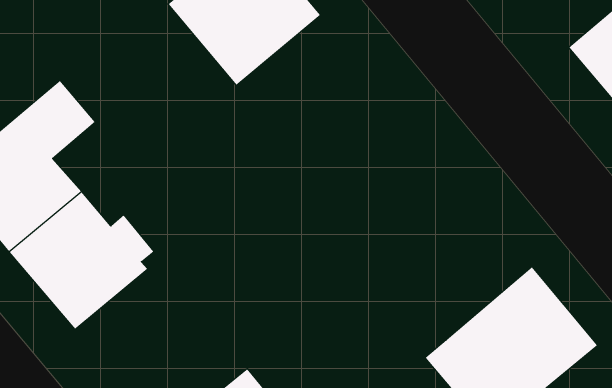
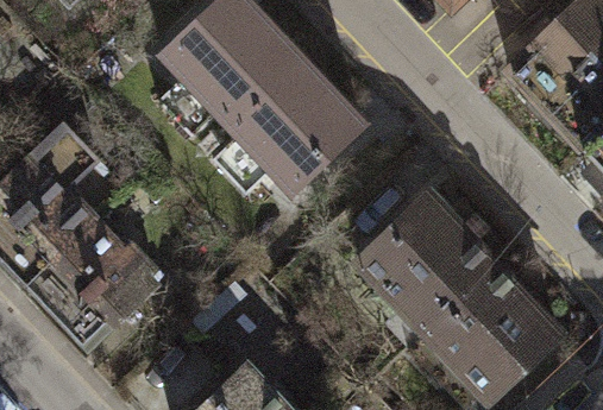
building: none -> [226,52,360,187]
building: none -> [354,190,495,330]

